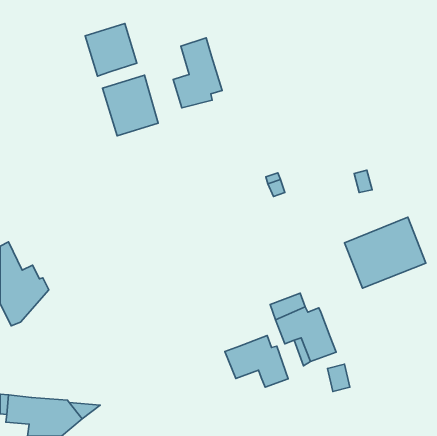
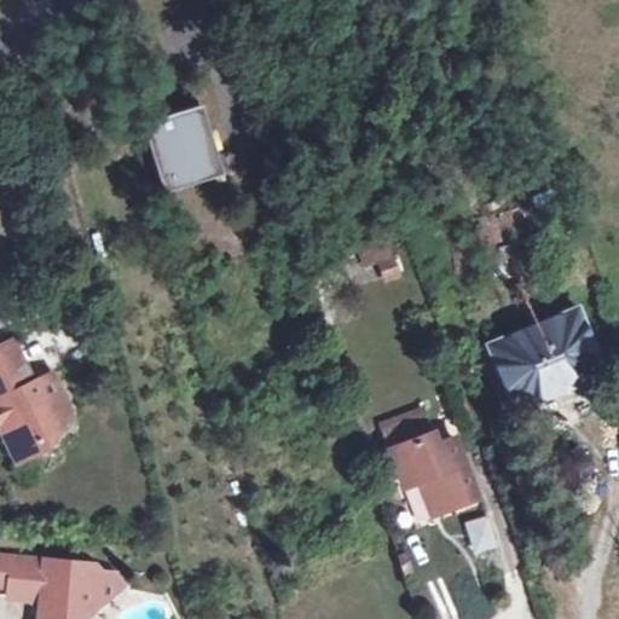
building: [85,24,137,76] -> none
building: [173,38,222,108] -> none
building: [225,336,288,387] -> none

